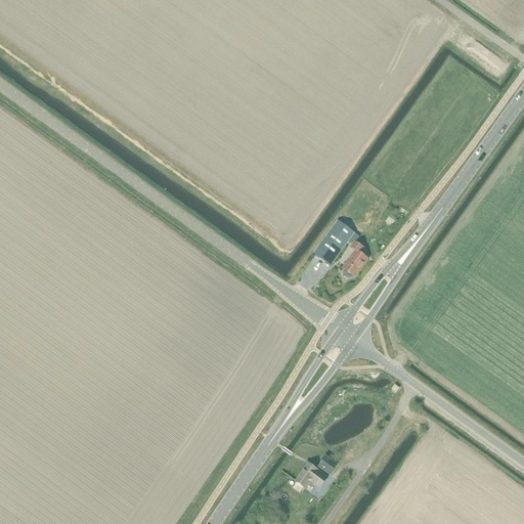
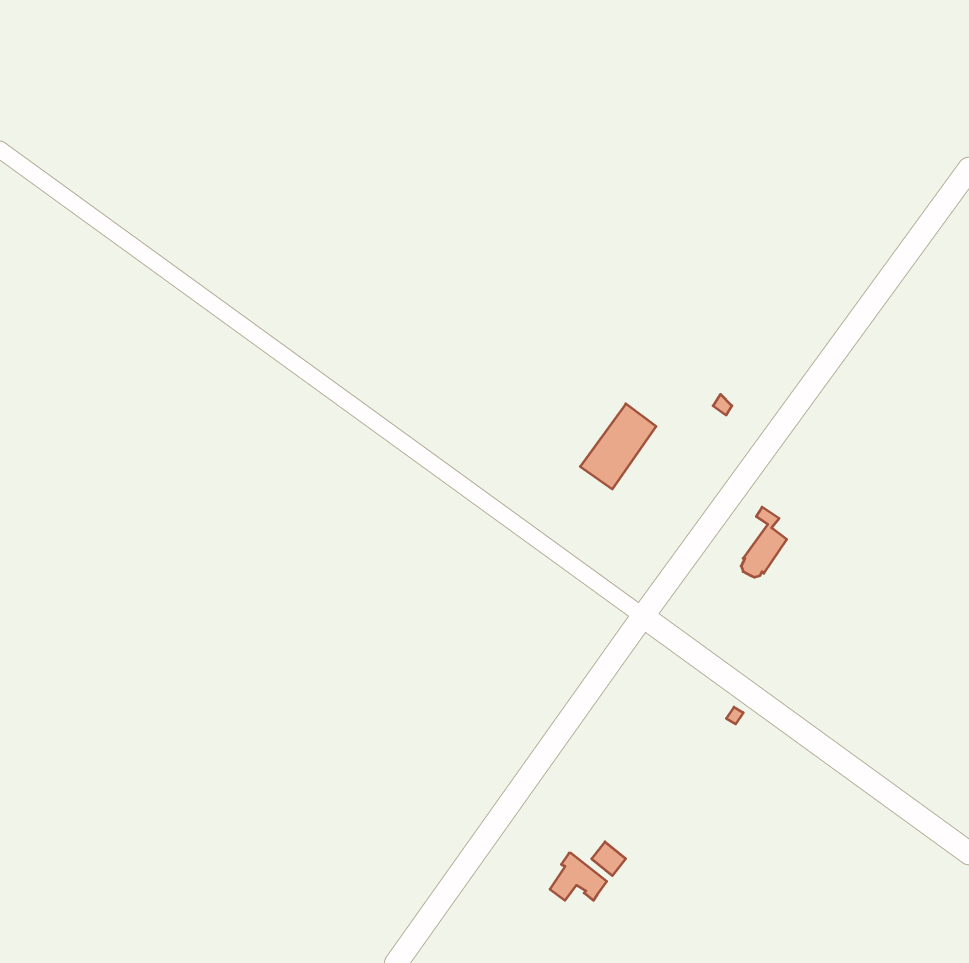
building: [343,239,367,277] -> [741,507,787,577]

